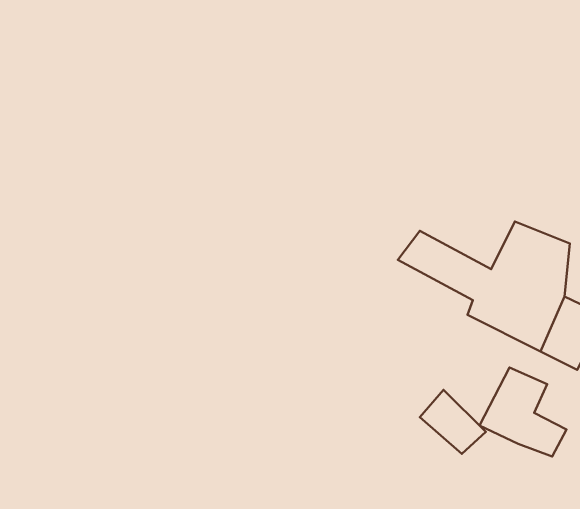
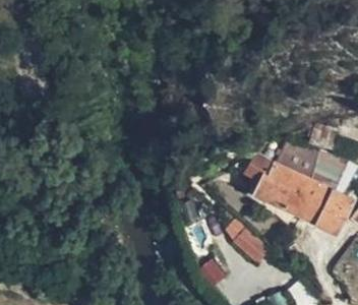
building: [479,367,566,456] -> none

